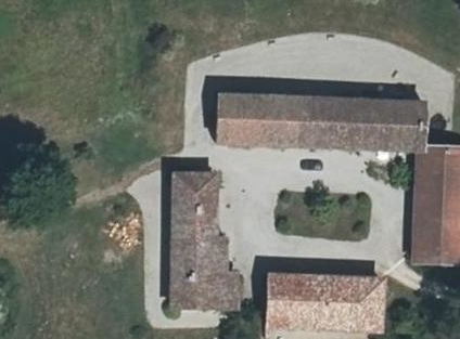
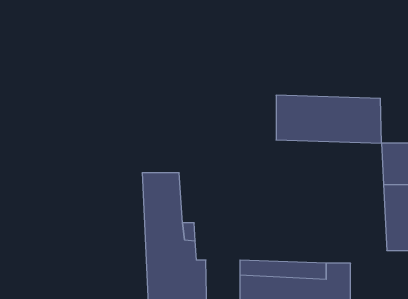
building: [210,96,308,146] -> none

